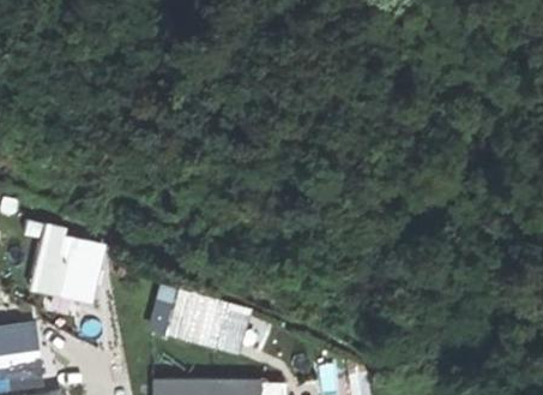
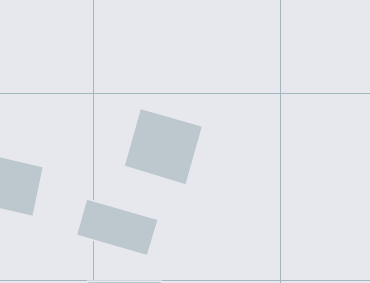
building: none -> [124,108,203,185]

